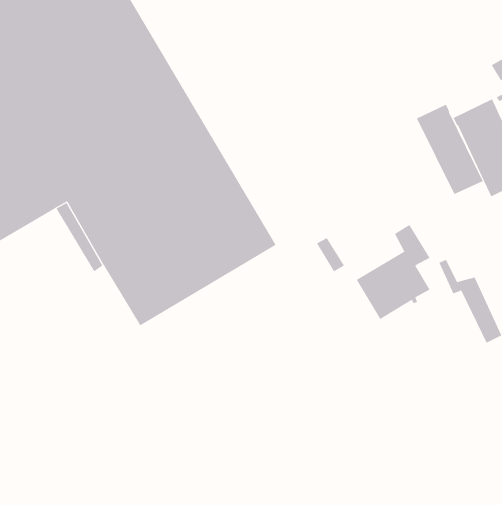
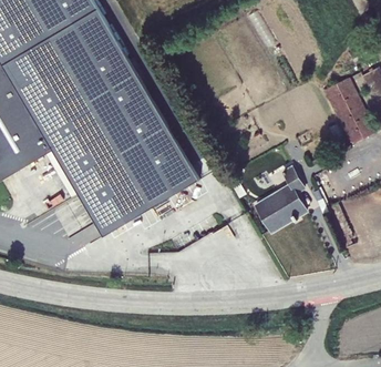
building: [416,104,484,195] -> none

